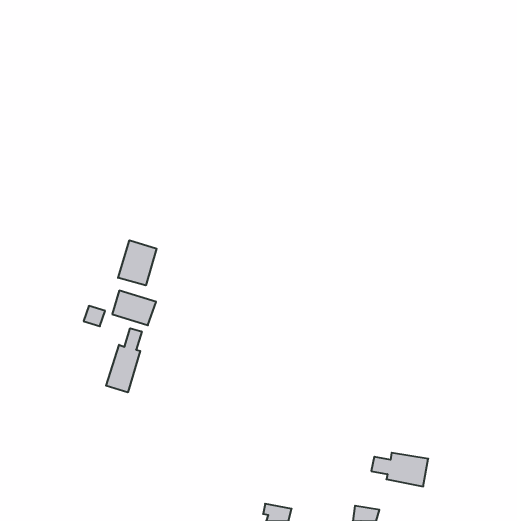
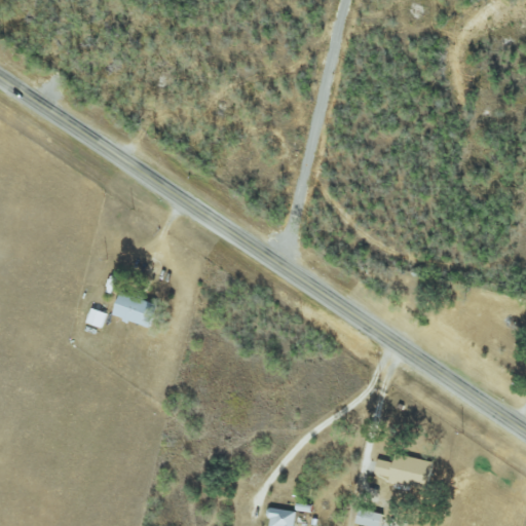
building: [118,240,157,285] -> none
building: [106,328,142,392] -> none

